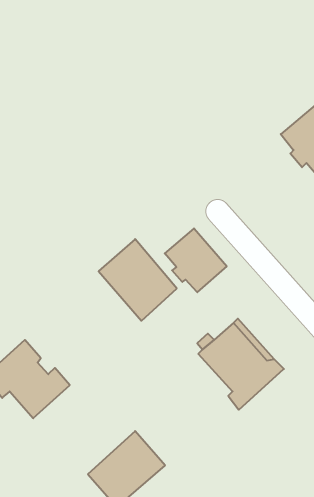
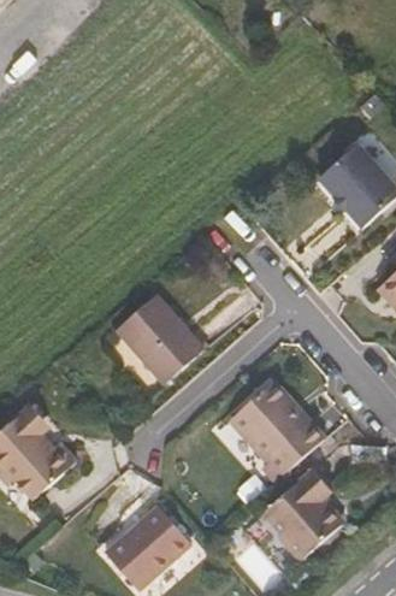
building: [165,228,227,292] -> none
building: none -> [261,470,342,555]

